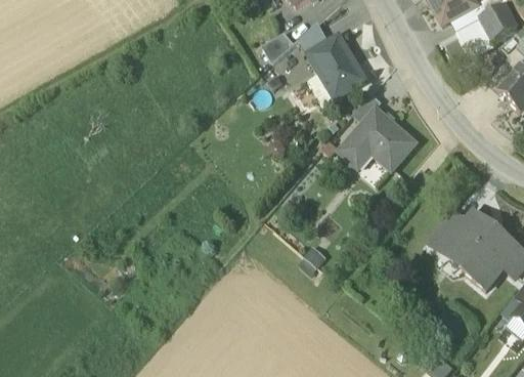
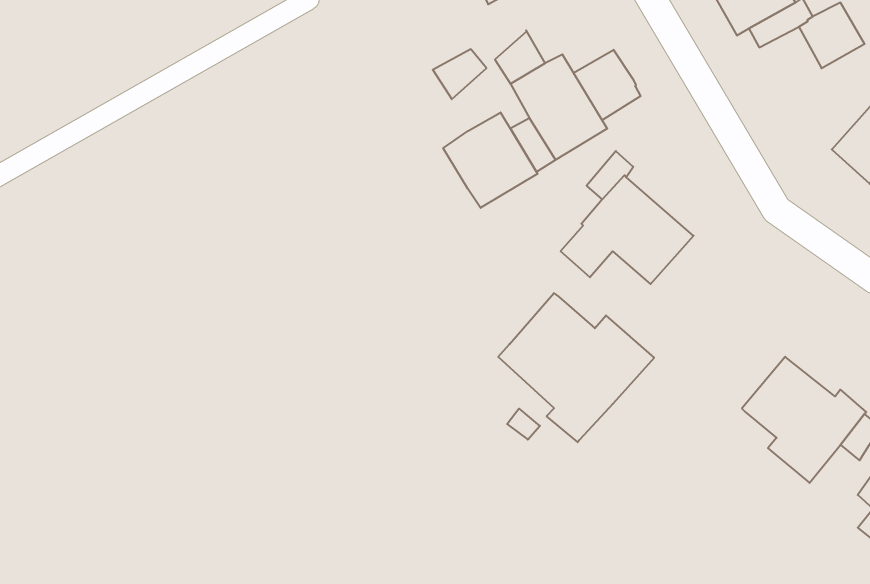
building: none -> [574,50,641,120]
building: none -> [443,112,538,208]
building: none -> [498,293,654,442]
building: [431,211,466,250] -> none

